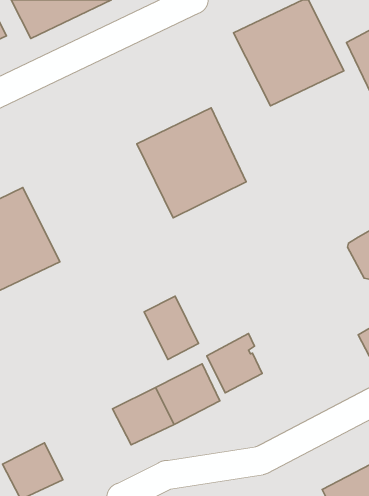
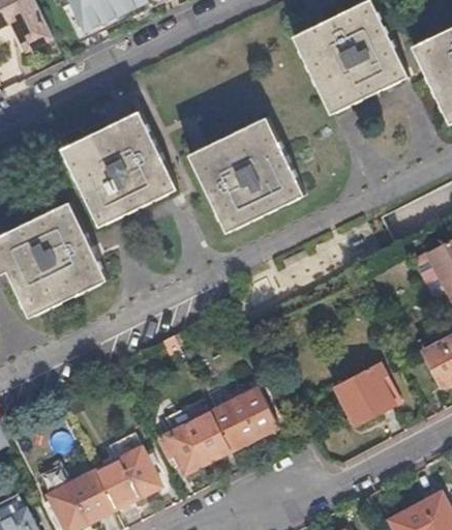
building: none -> [61,109,177,225]
building: [144,296,198,360] -> none
building: [207,334,262,393] -> [332,362,391,425]
building: none -> [91,446,160,510]

